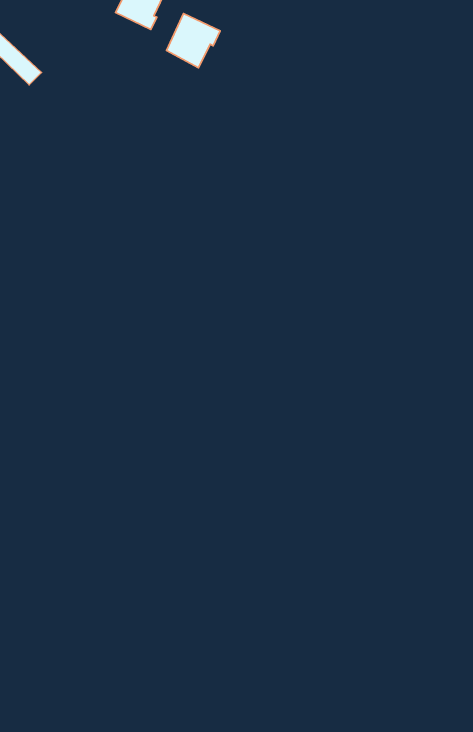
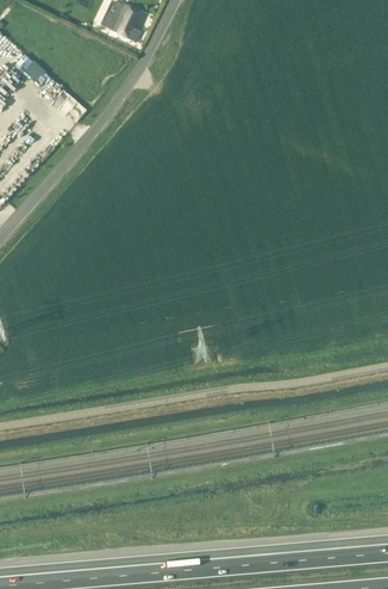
building: [167,13,220,68] -> none

